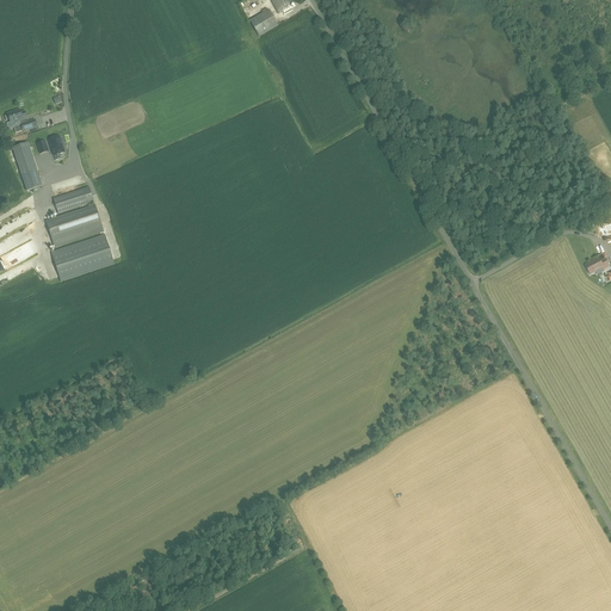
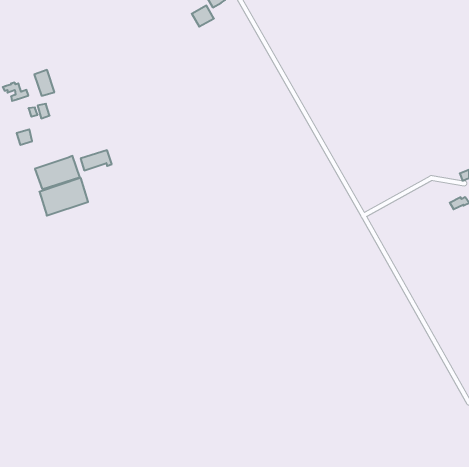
building: [12,140,38,173] -> [34,70,54,96]
building: [54,185,94,211] -> [81,150,112,170]

